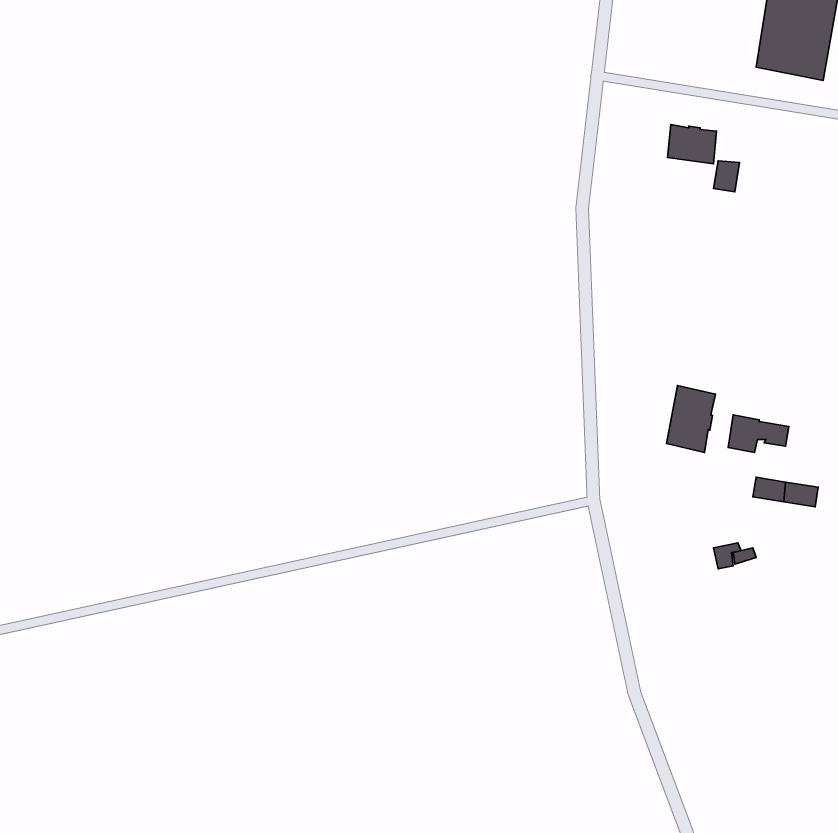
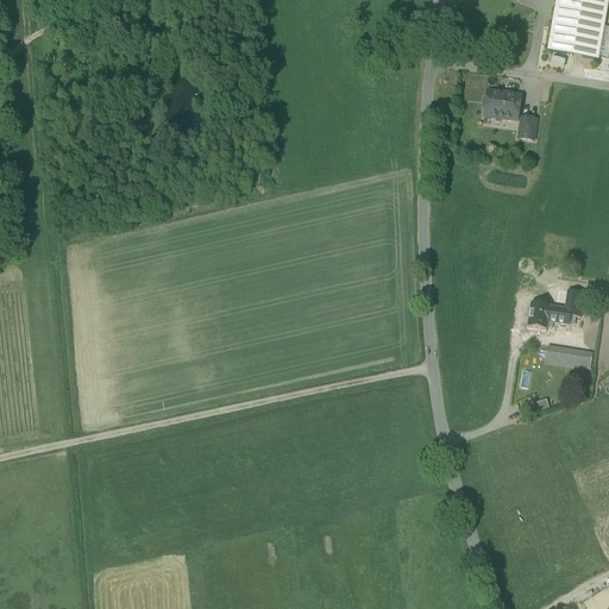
building: [667,385,715,453] -> none

